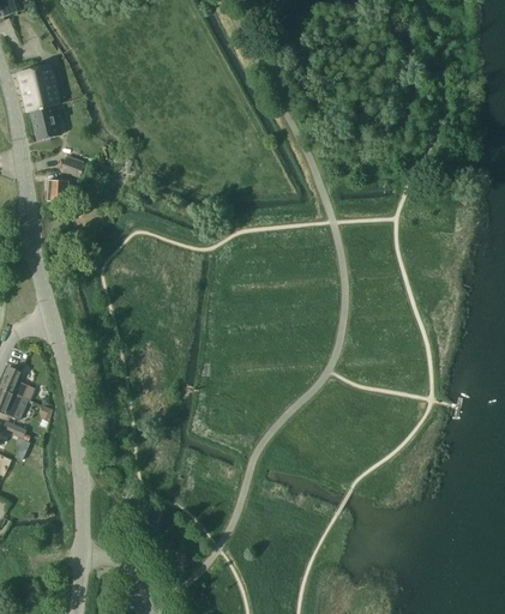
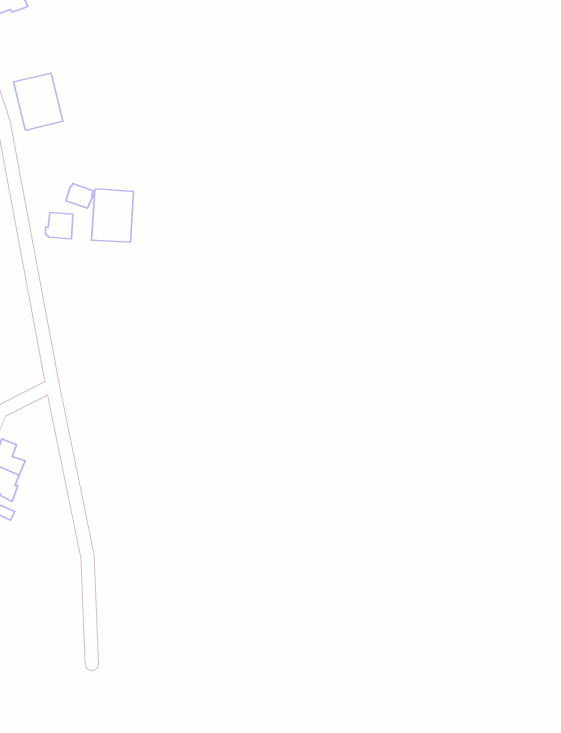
building: [31,104,66,140] -> none
building: none -> [92,189,134,242]

